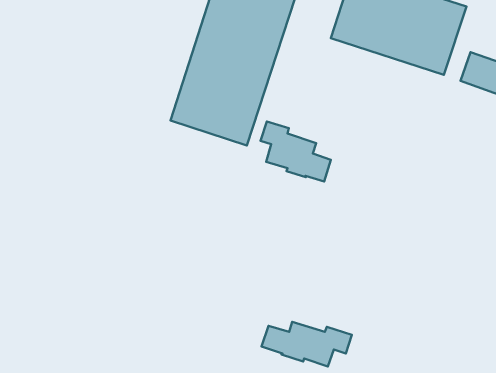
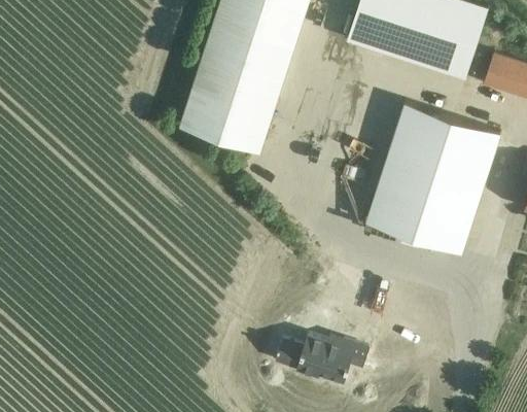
building: none -> [366,104,499,253]
building: [260,121,331,182] -> none

